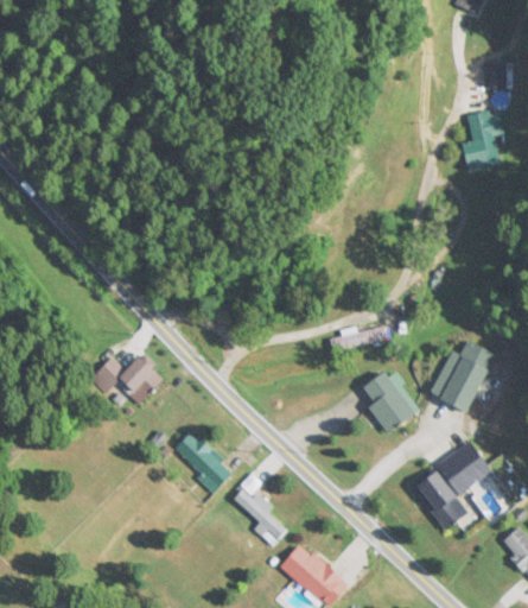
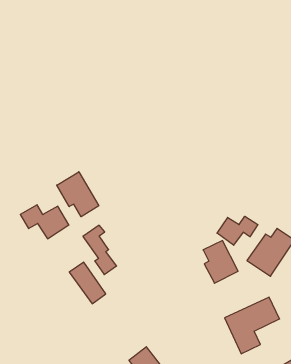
building: none -> [57,172,99,217]
building: none -> [217,216,258,245]
building: [230,474,286,545] -> [83,225,117,275]

